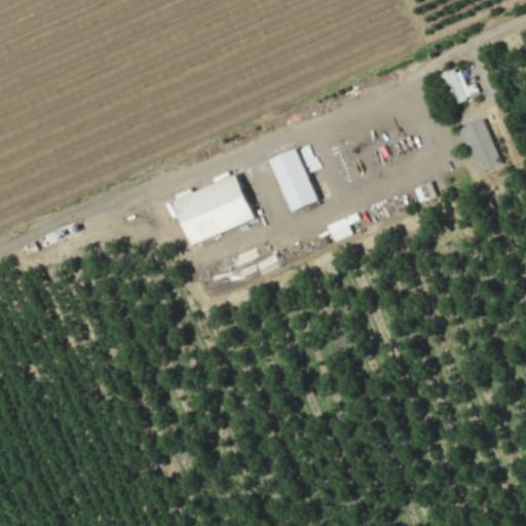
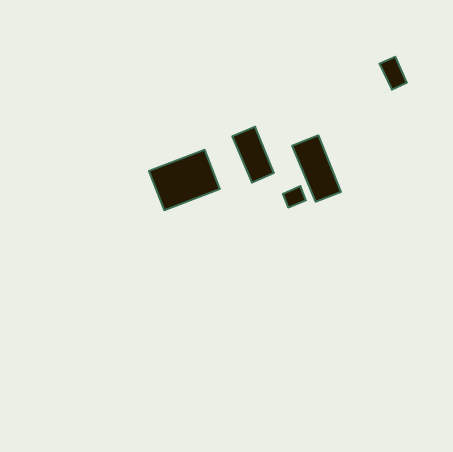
building: [458,118,501,173] -> none
building: none -> [292,135,341,202]

